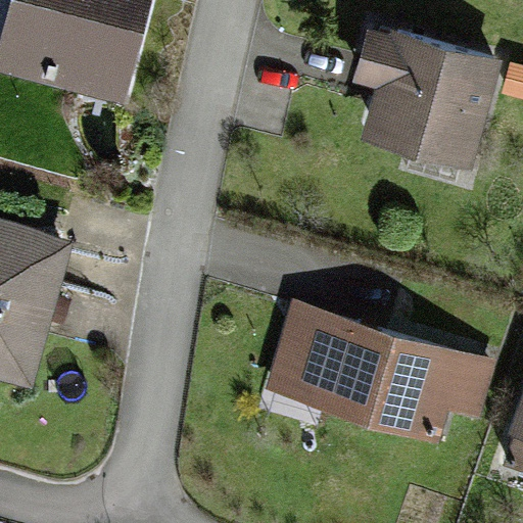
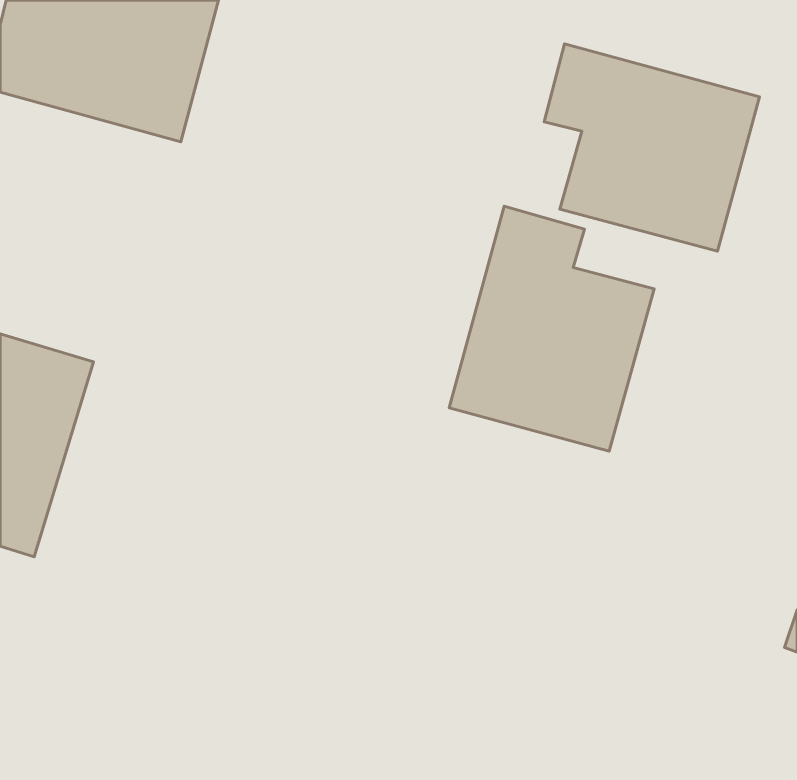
building: none -> [449,206,654,451]
building: [291,291,482,427] -> none

